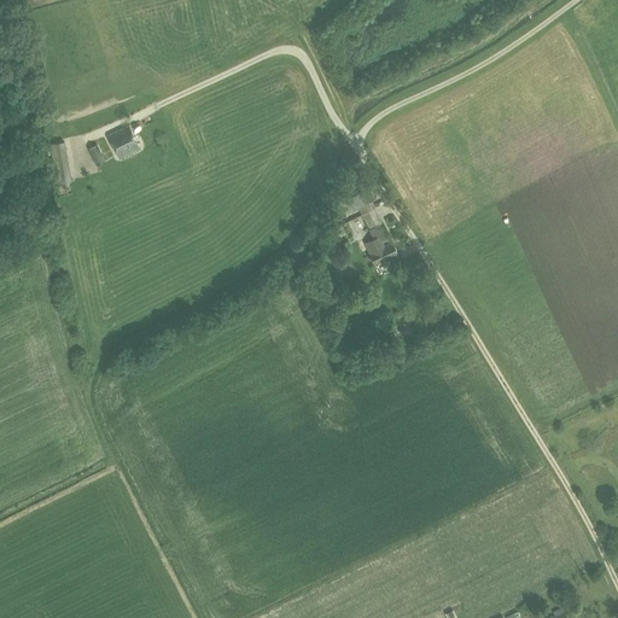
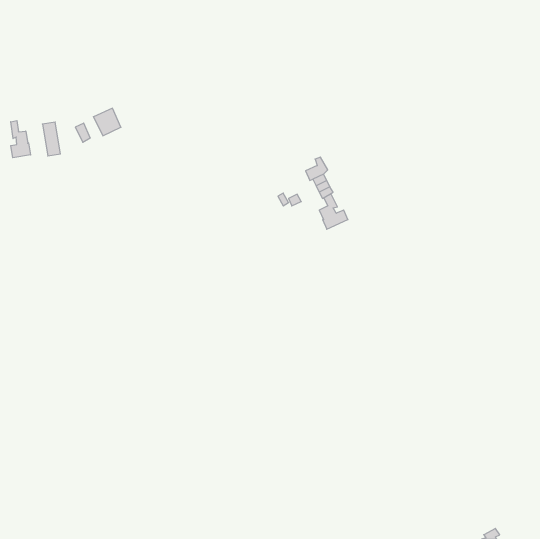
building: none -> [11,121,31,158]

